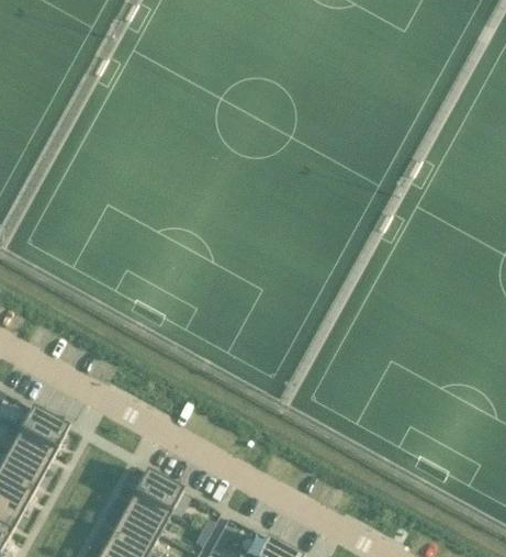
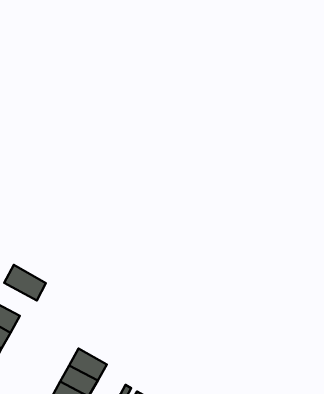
building: none -> [4,265,46,300]

